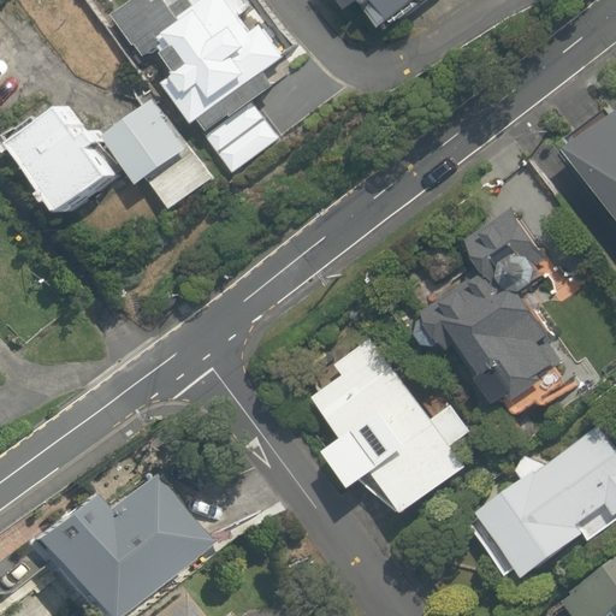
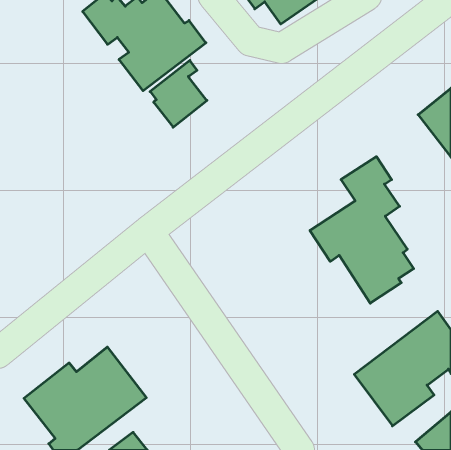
building: [105,102,207,206] -> none
building: [11,108,117,219] -> none
building: [310,340,470,519] -> none

